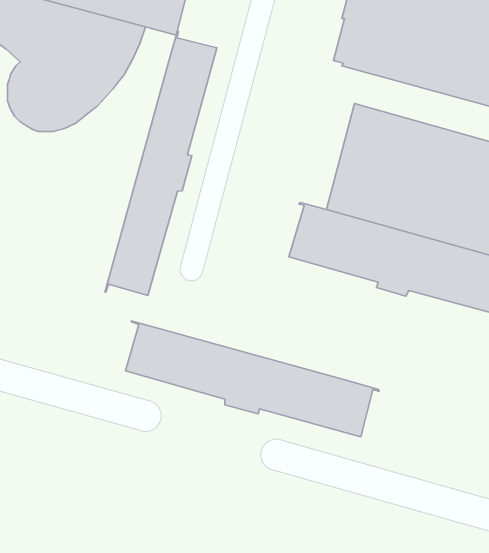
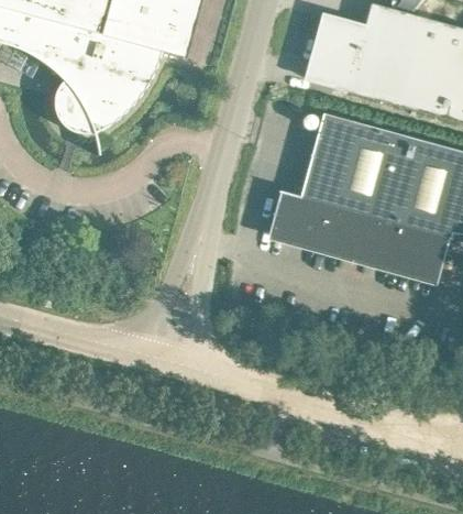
building: [105,31,217,296] -> none
building: [126,321,379,437] -> none

